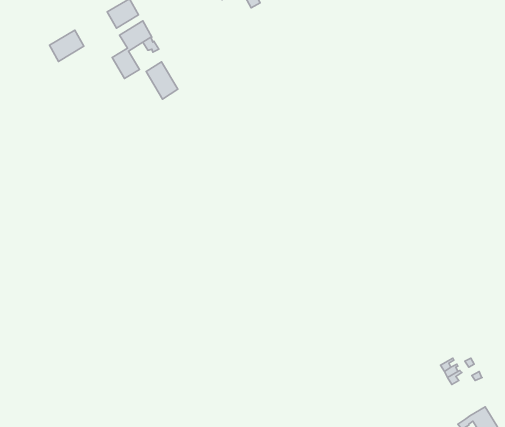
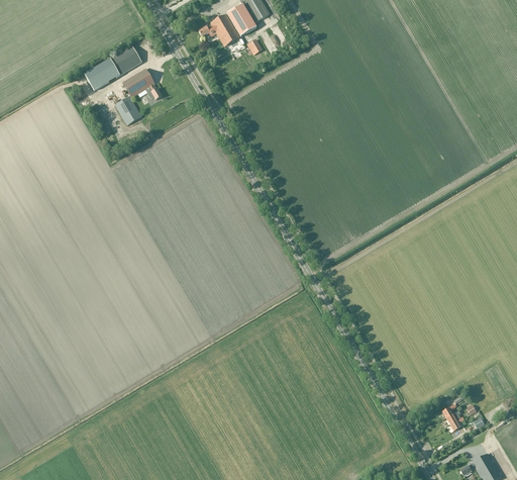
building: [49,30,84,61] -> [85,59,119,90]
building: [146,62,178,99] -> none

